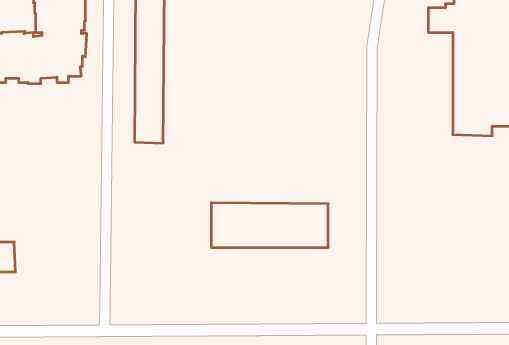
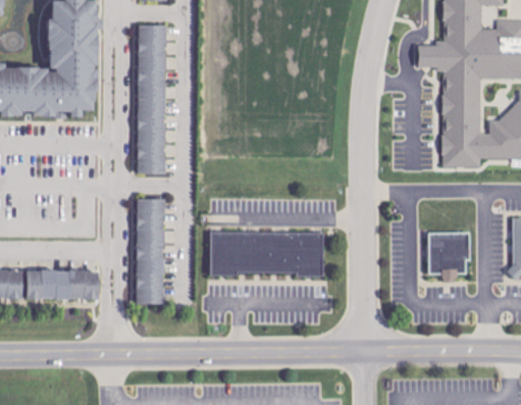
building: none -> [137,199,164,304]
building: none -> [427,232,471,281]
building: none -> [27,270,100,299]

